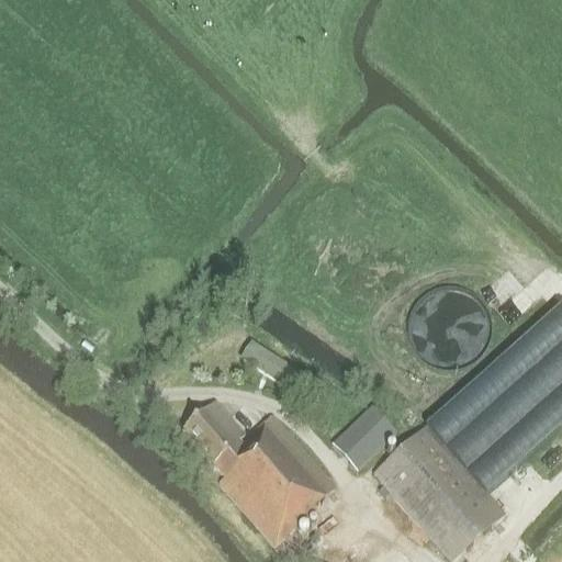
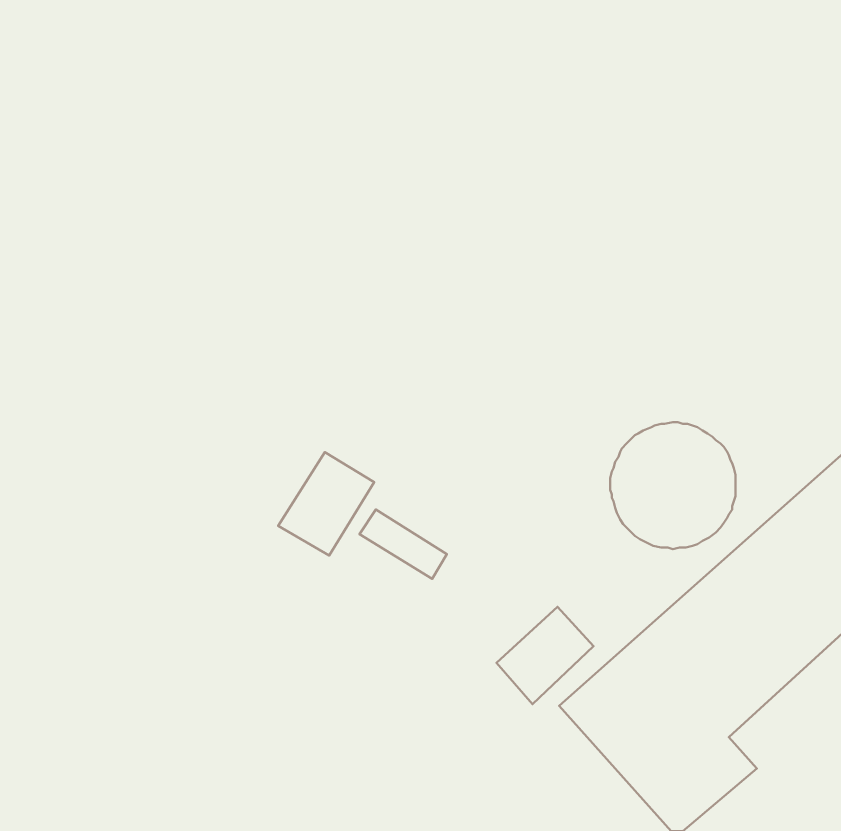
building: none -> [278,452,374,556]
building: [181,397,337,542] -> none

